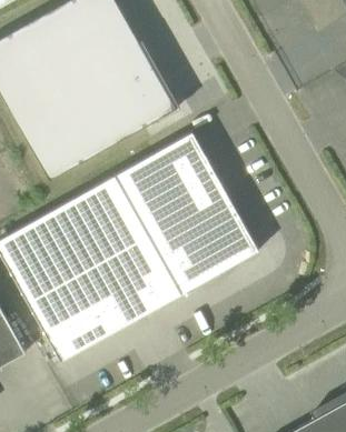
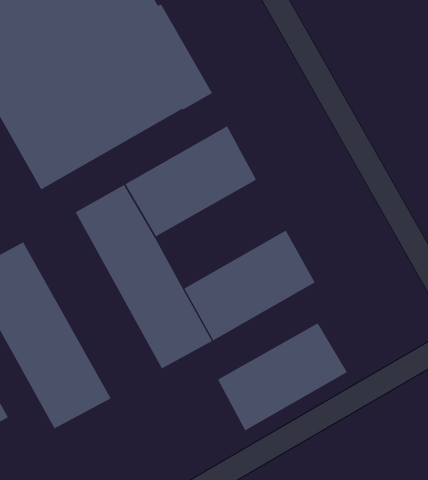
building: [137,172,236,254] -> [217,322,348,431]
building: [37,197,141,338] -> none

